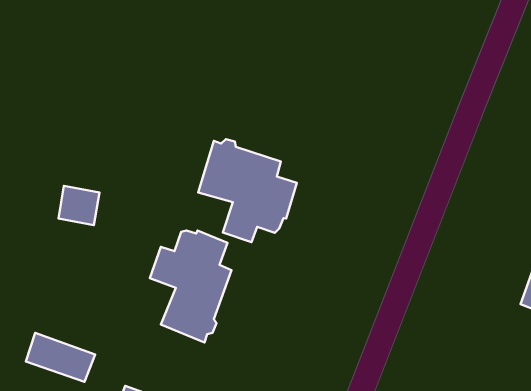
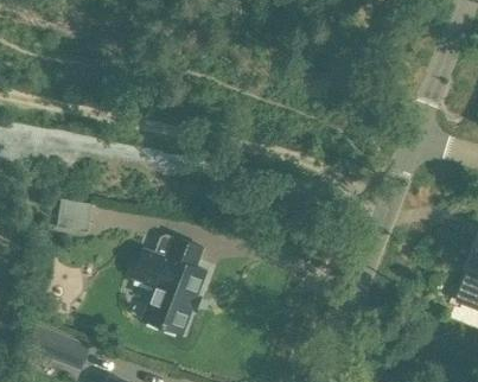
building: [198,139,297,242] -> none

